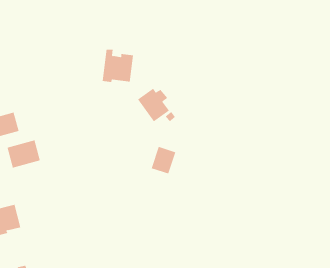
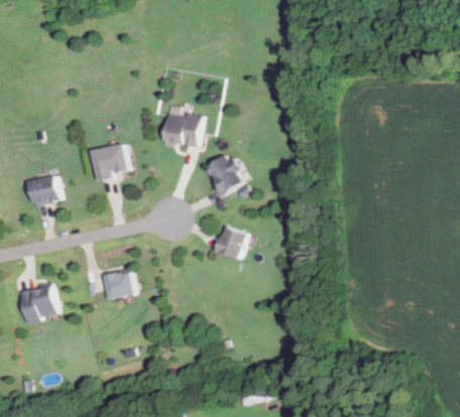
building: none -> [92,142,128,180]
building: [7,140,40,169] -> none
building: none -> [104,272,134,299]

